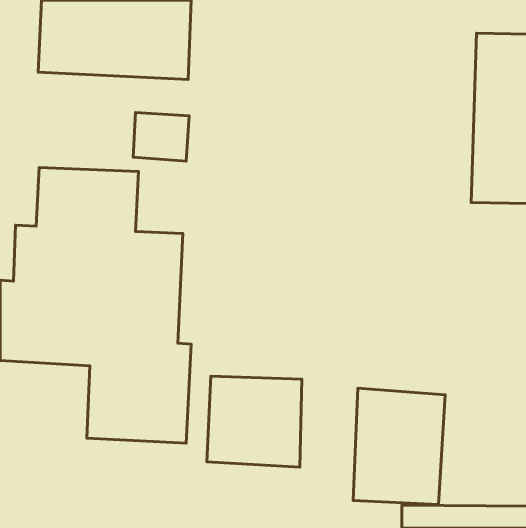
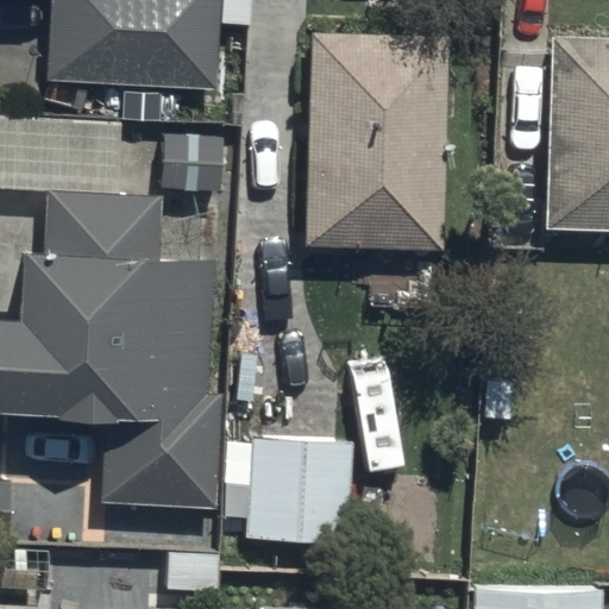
building: none -> [307,37,447,251]
building: [353,388,445,504] -> none

